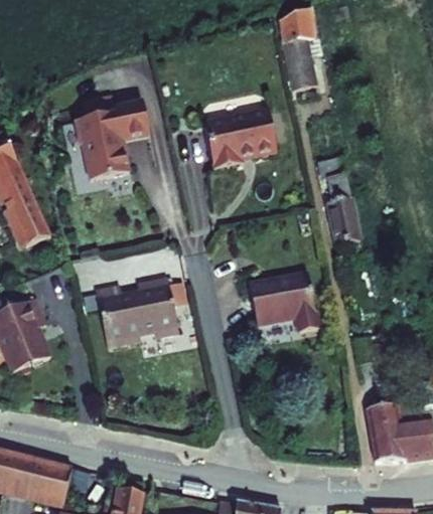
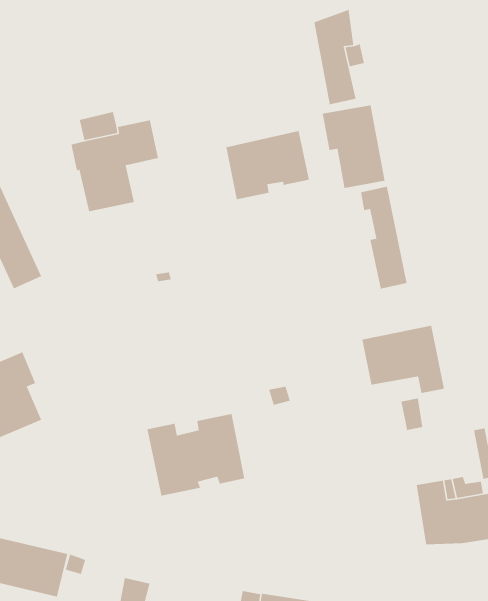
building: none -> [322,104,385,189]
building: [249,273,319,331] -> [361,325,445,394]
building: [95,277,178,347] -> [146,413,245,497]

